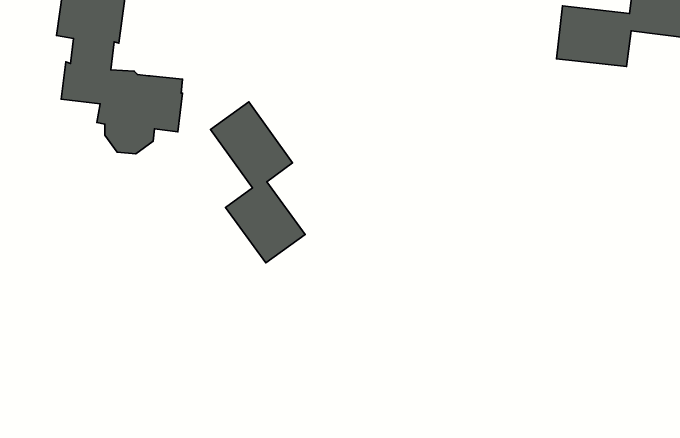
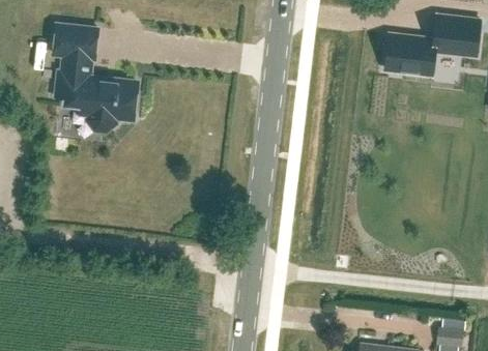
building: [211,102,305,263] -> none

